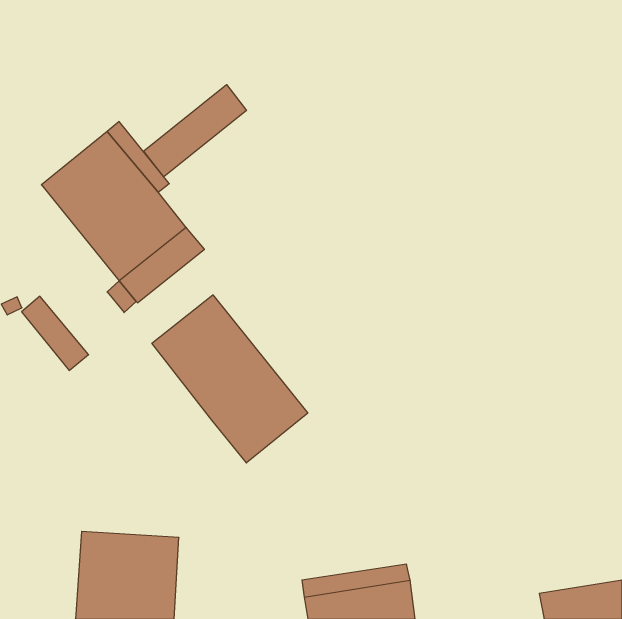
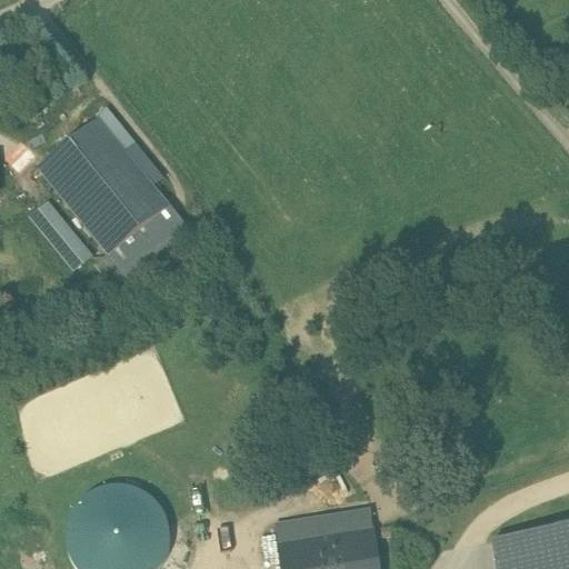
building: [144,85,246,177] -> none
building: [152,295,308,463] -> none
building: [22,296,89,370] -> [31,204,92,272]

